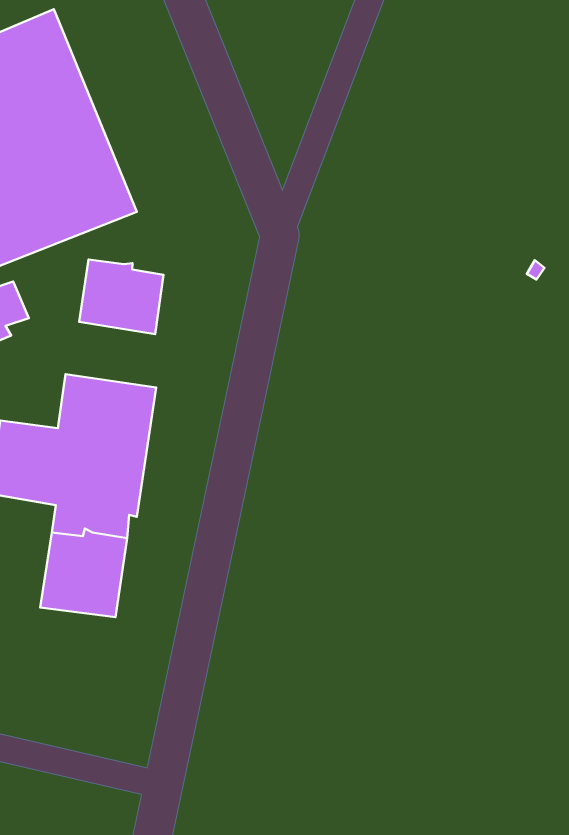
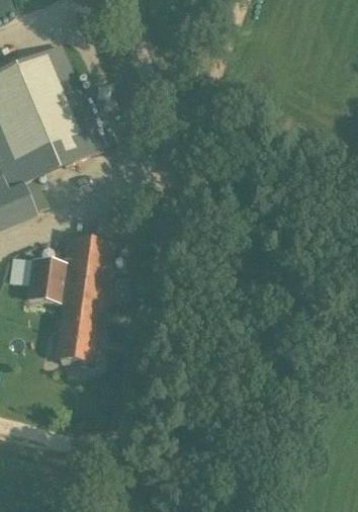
building: [79,259,163,334] -> none

